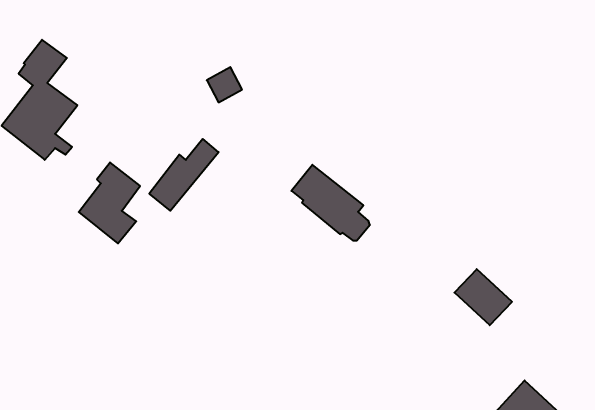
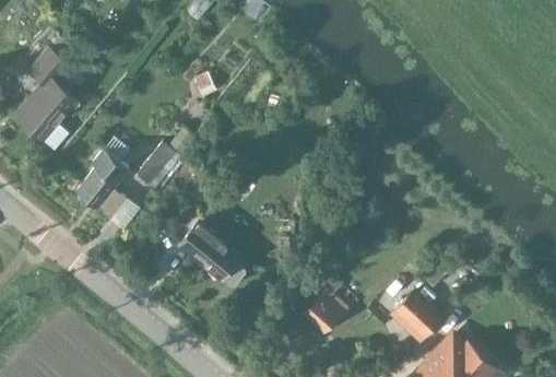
building: [291,165,370,241] -> [180,223,246,286]
building: [454,269,512,325] -> [392,288,440,335]
building: none -> [303,290,347,334]

